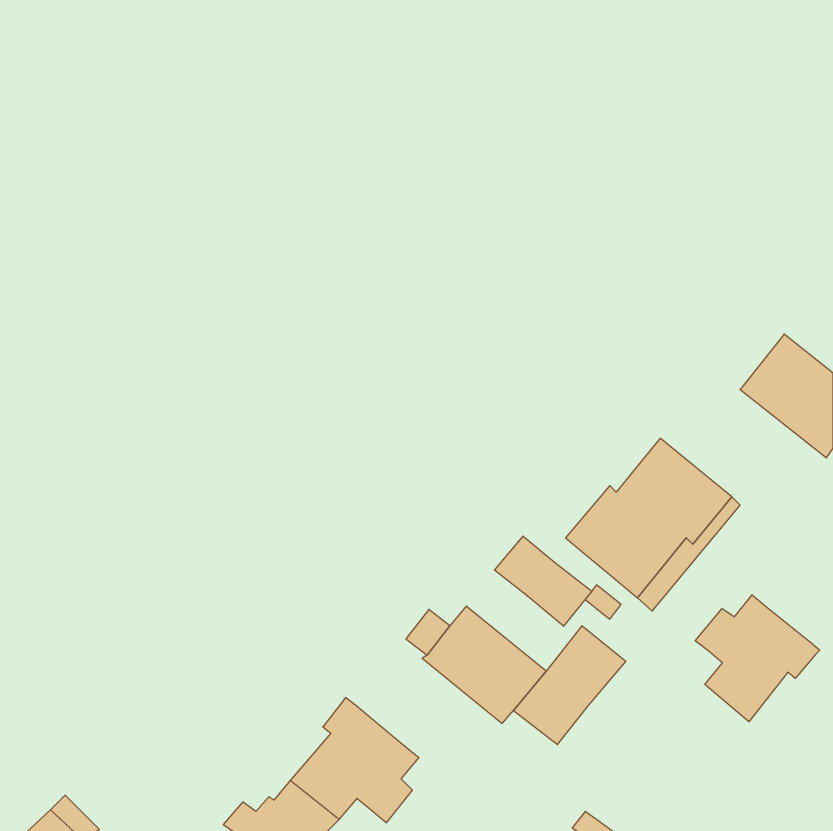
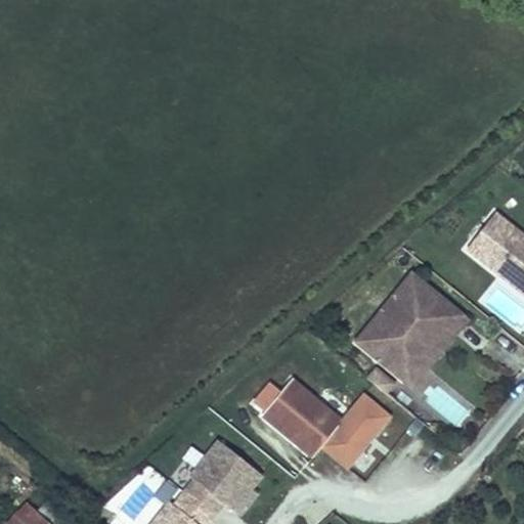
building: [495,536,592,626] -> none
building: [695,595,820,722] -> none

